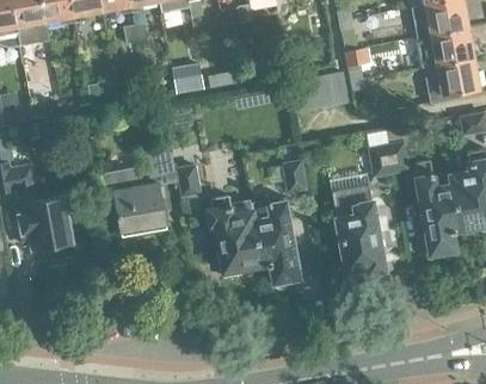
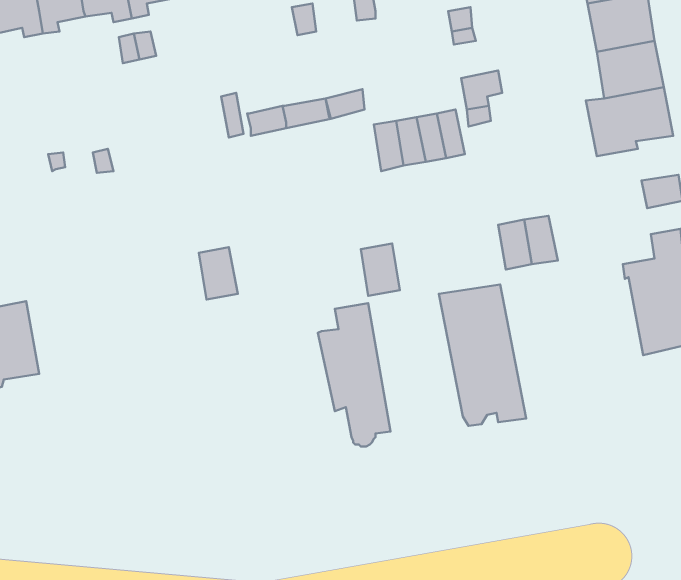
building: [100,149,176,237] -> none
building: [414,160,461,259] -> none
building: [210,196,263,278] -> none

